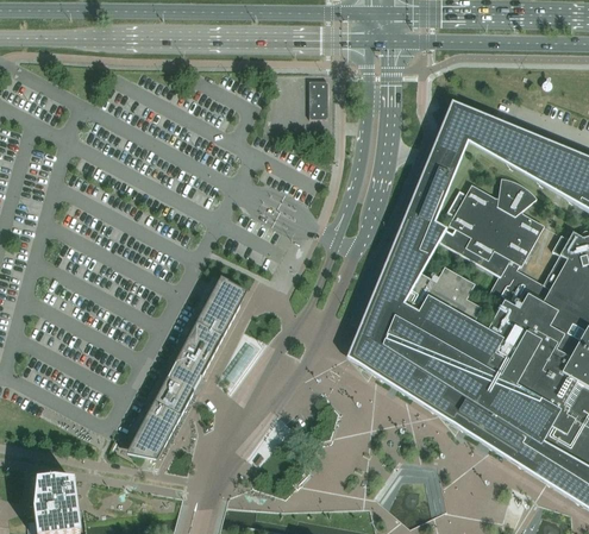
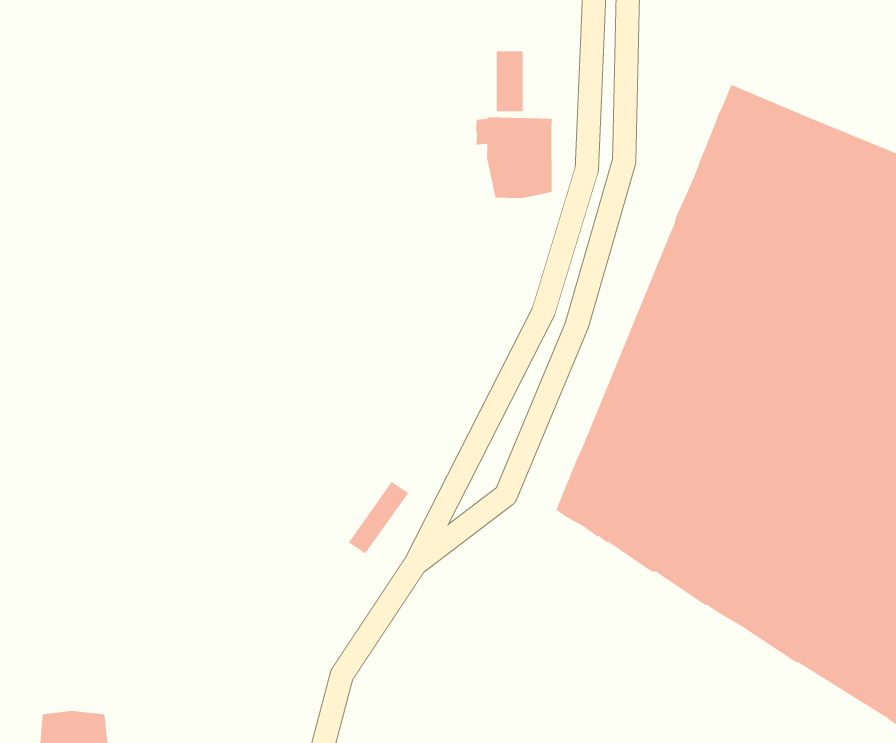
building: none -> [476,116,552,199]
building: [126,276,247,459] -> none

